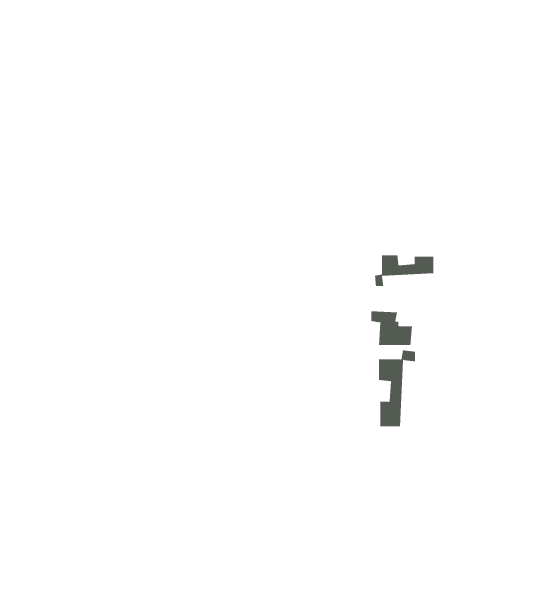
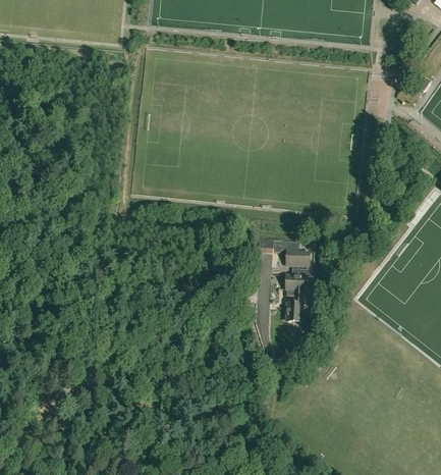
building: [374,254,434,287] -> none

